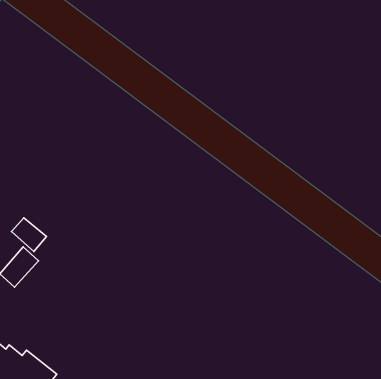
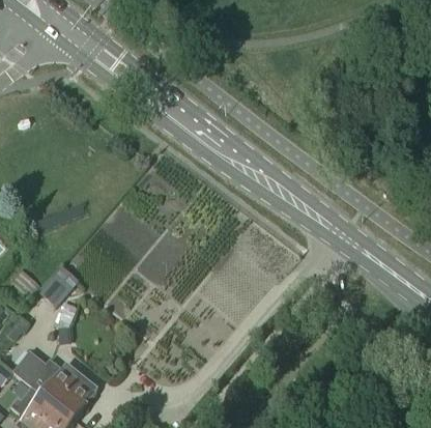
building: [11,218,46,252] -> none

